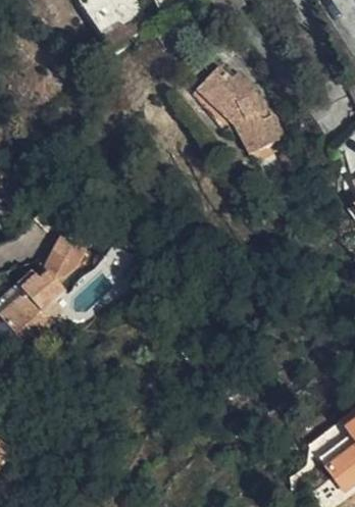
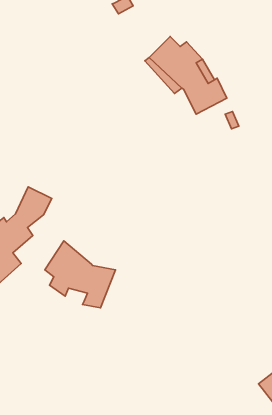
building: none -> [45,241,115,308]

